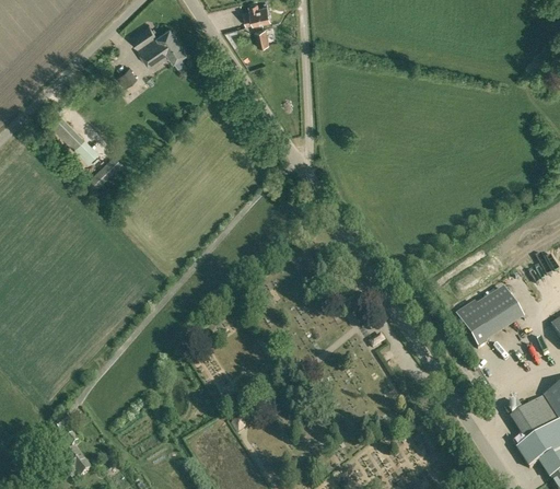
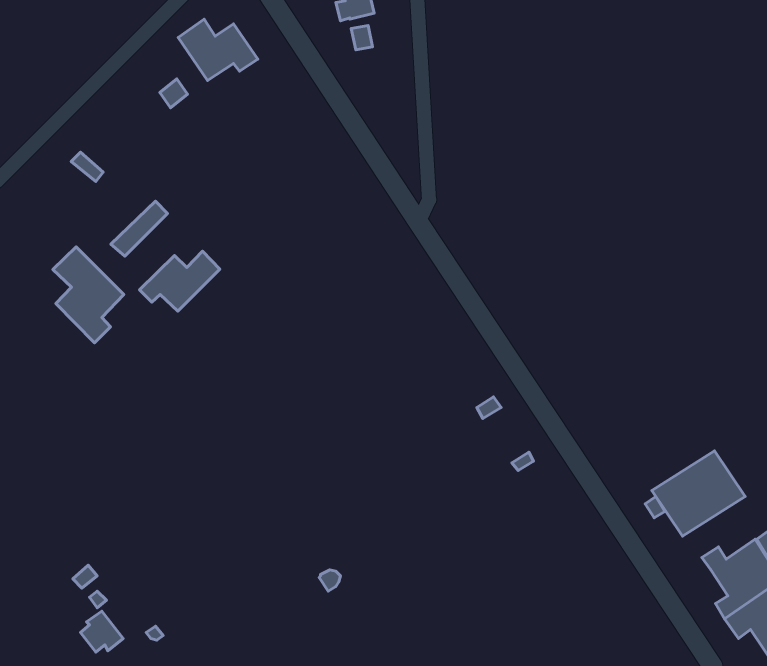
building: none -> [53,247,124,343]
building: none -> [140,251,220,311]
building: [458,284,525,346] -> [652,451,745,536]

